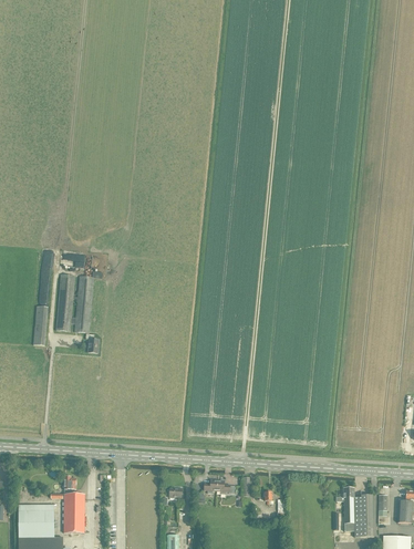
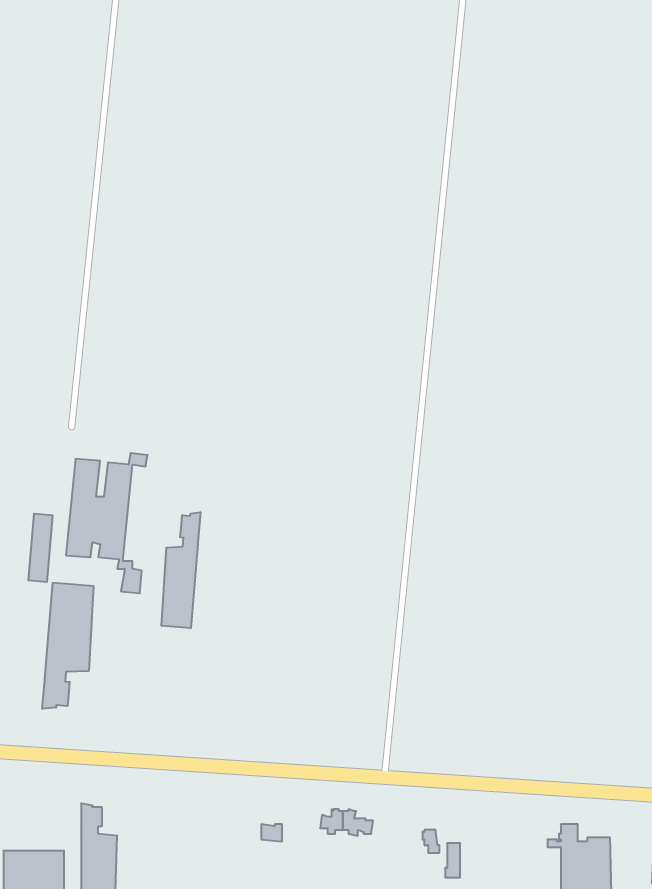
building: none -> [162,512,200,628]
building: none -> [42,583,94,709]

